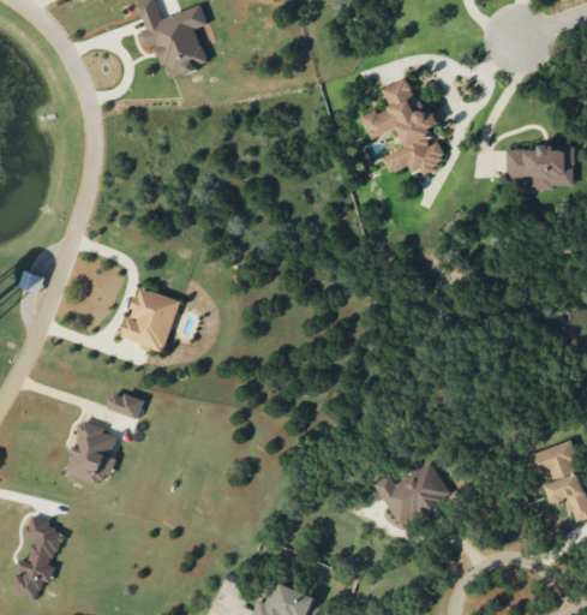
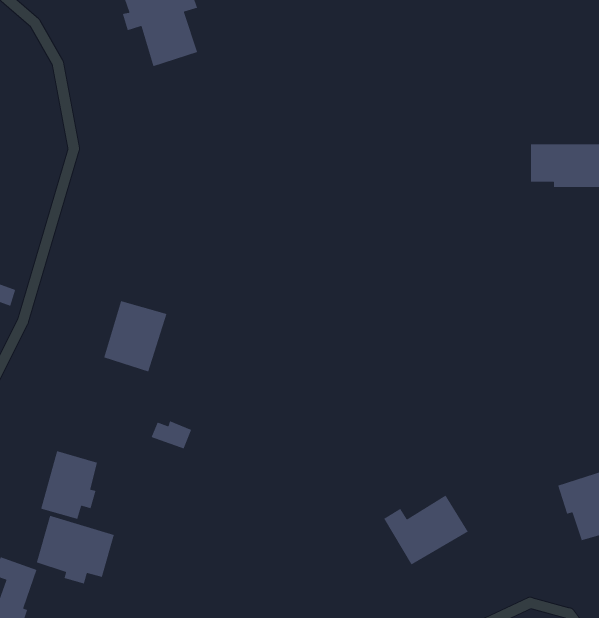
building: [361,78,447,175] -> none
building: [107,392,144,418] -> [151,420,192,450]
building: none -> [36,515,115,585]

